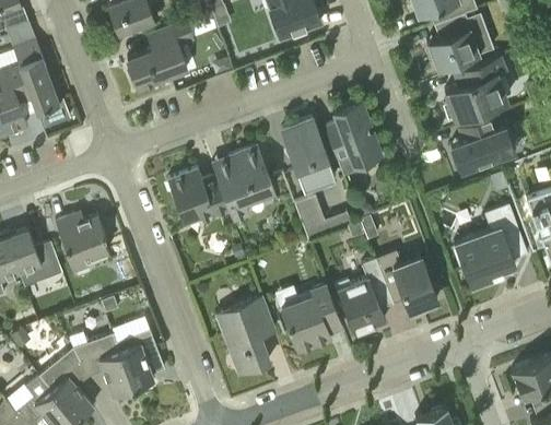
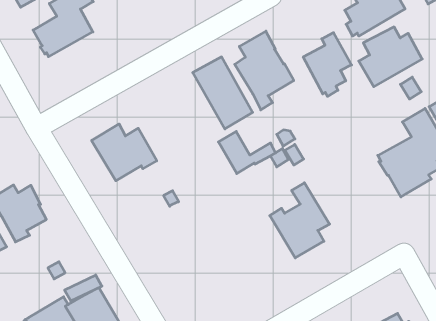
building: none -> [303,33,352,96]
building: [216,146,273,220] -> none
building: [375,251,437,312] -> none
building: [282,284,339,352] -> none
building: [219,298,274,374] -> none

